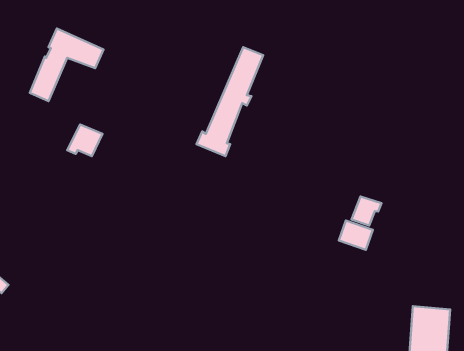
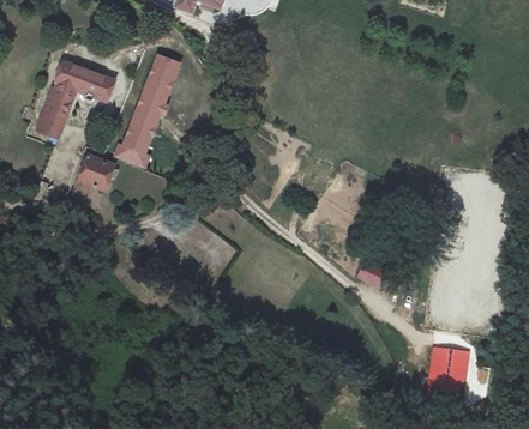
building: [196,47,263,156] -> [112,56,180,168]
building: [352,197,381,226] -> none

